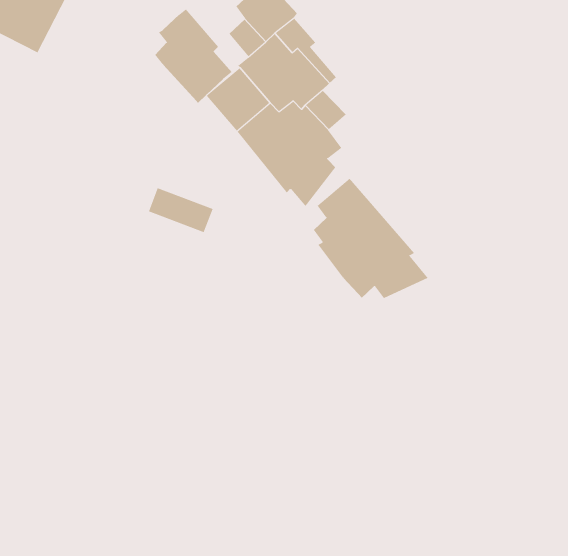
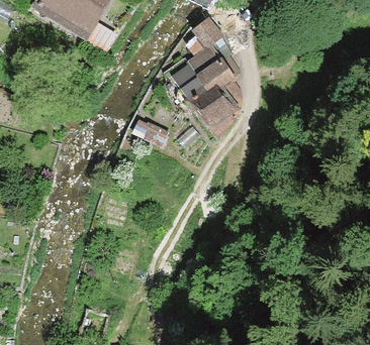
building: [154,8,233,104] -> none
building: [313,178,429,299] -> none

